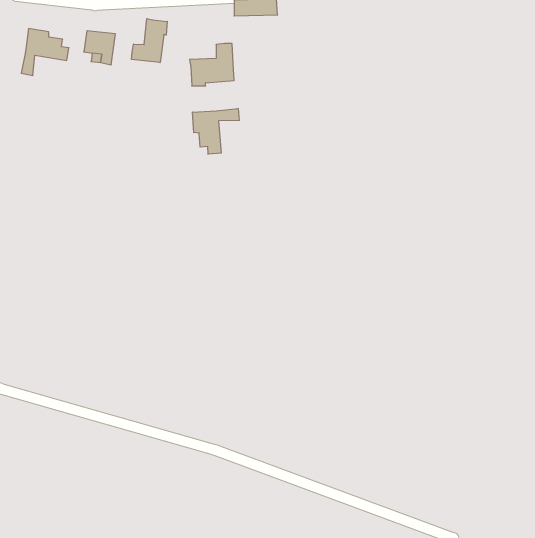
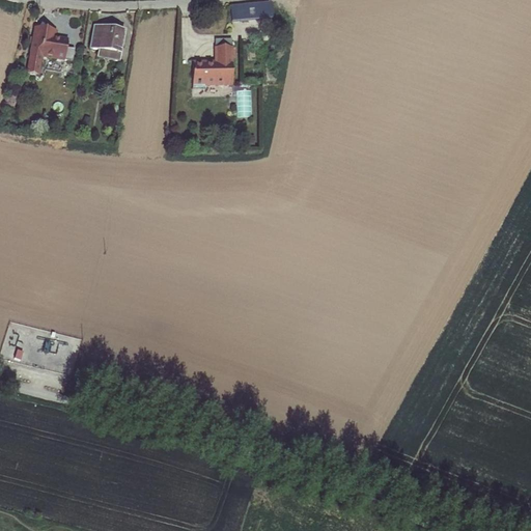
building: [132,19,167,63] -> none
building: [192,108,239,154] -> none

